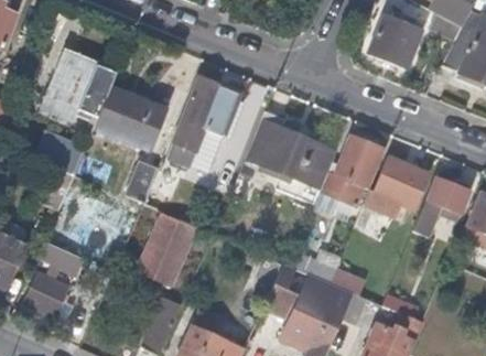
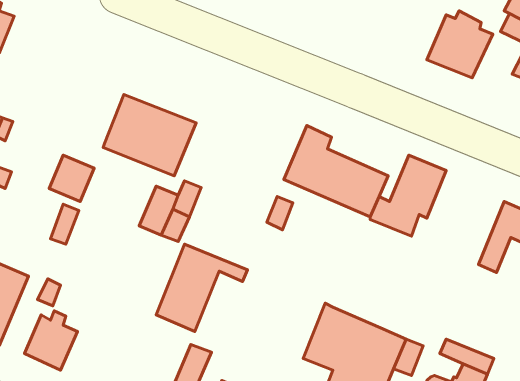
building: [42,53,114,125] -> none
building: [163,78,237,170] -> none
building: [360,154,429,212] -> none

